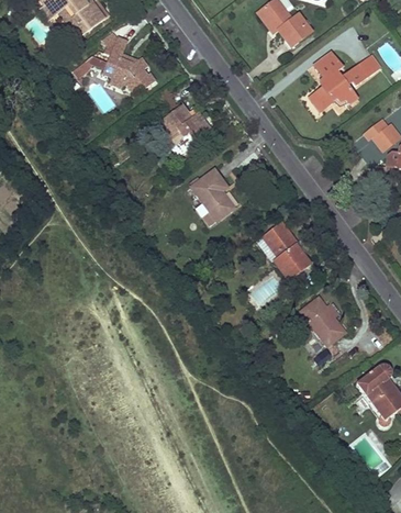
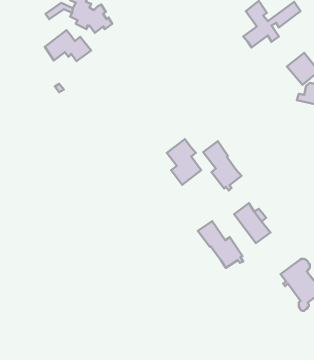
building: [156,104,212,142] -> [45,30,91,61]
building: [192,169,234,224] -> [167,139,201,185]
building: none -> [198,221,243,268]

